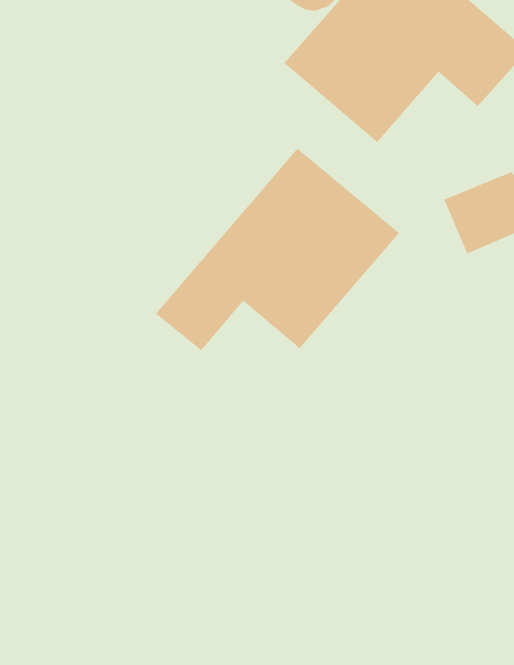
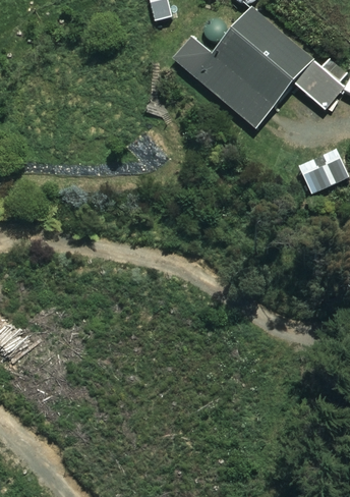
building: [155,148,400,351] -> none

